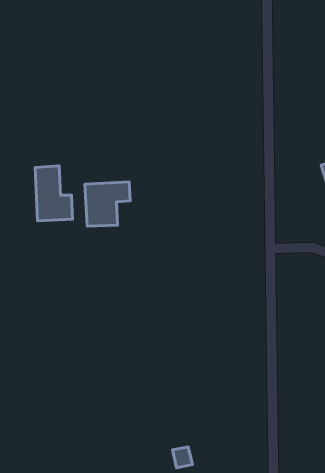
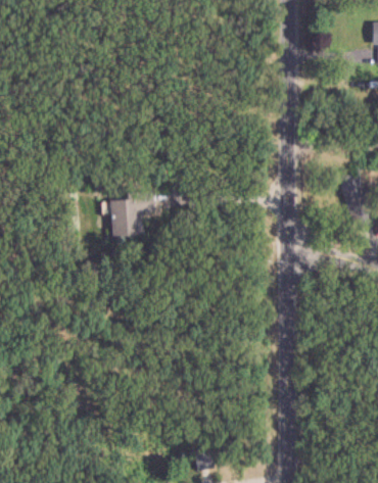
building: [35,166,72,221] -> none

